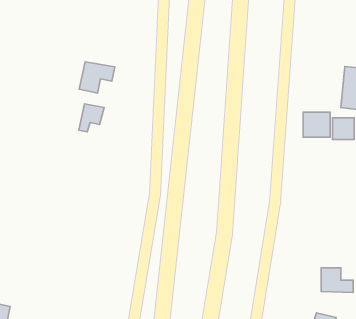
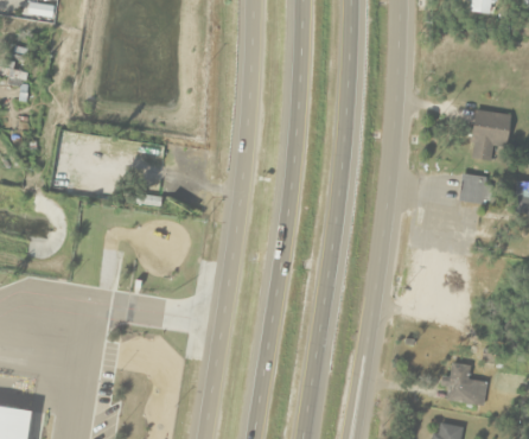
building: [79,62,115,93] -> none
building: [303,112,330,137] -> none

